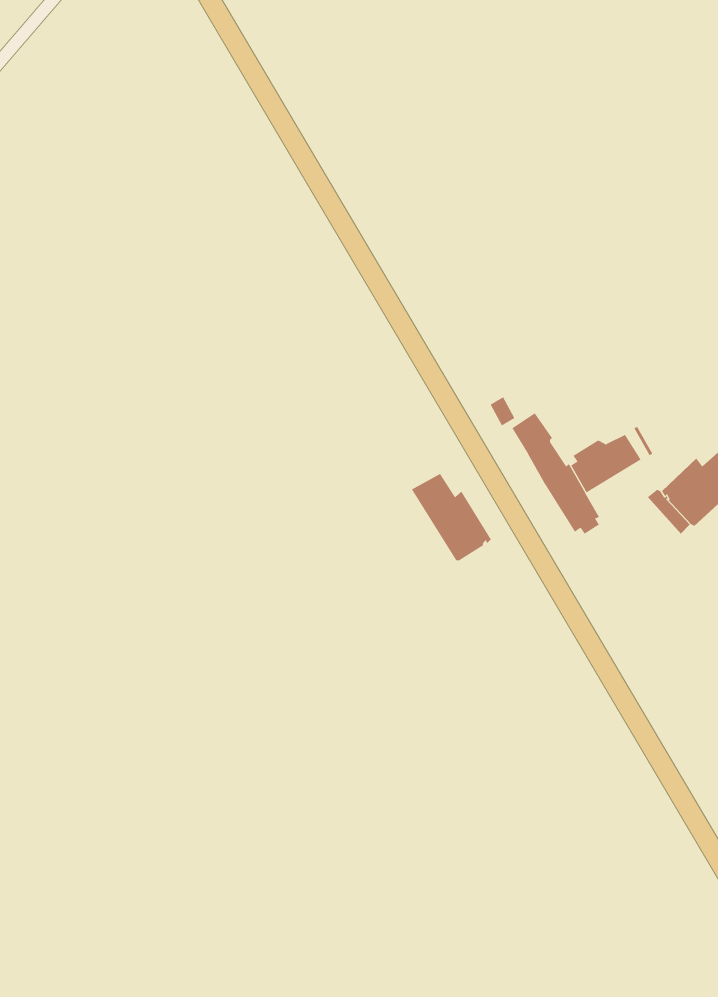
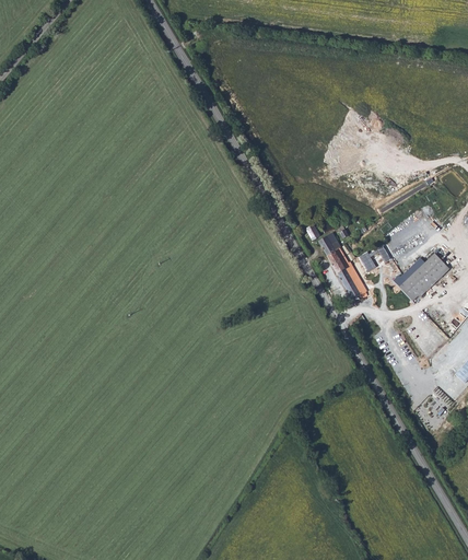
building: [411,473,492,561] -> none

